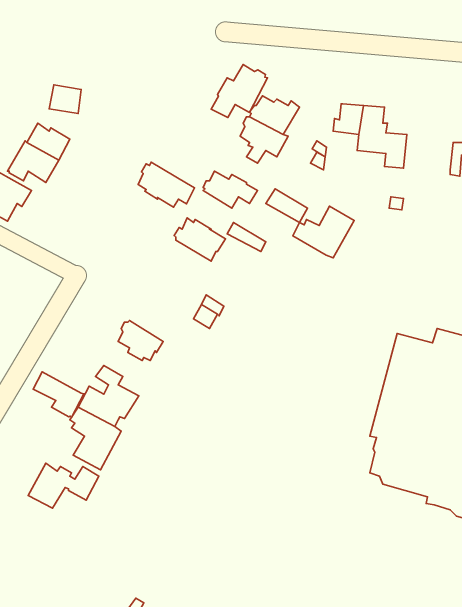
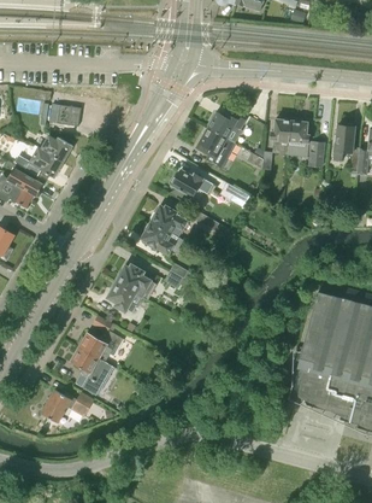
building: [211,64,268,118] -> none
building: none -> [333,124,360,169]
building: [138,162,194,207] -> [142,222,184,256]
building: [293,206,354,258] -> none
building: none -> [116,264,157,300]
building: [33,372,84,418] -> none

